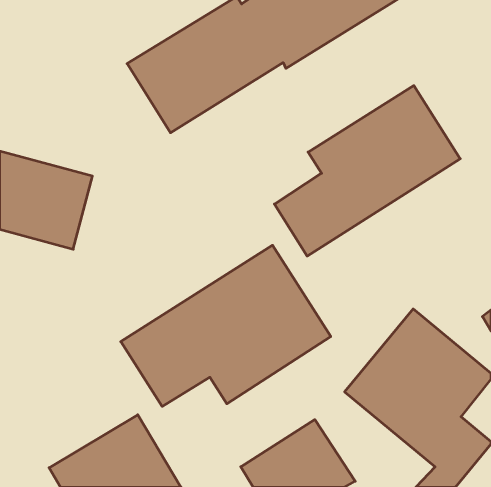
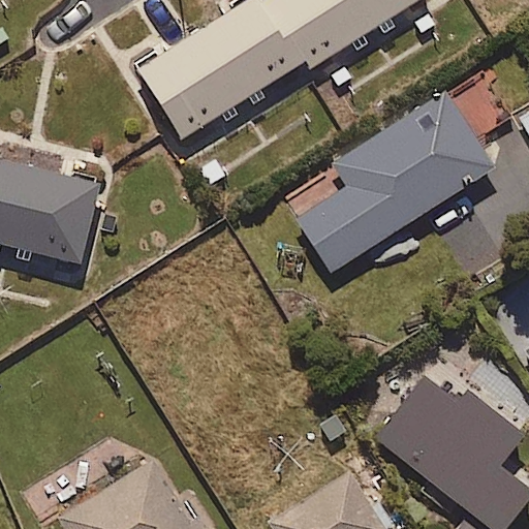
building: [121,245,331,406] -> none

